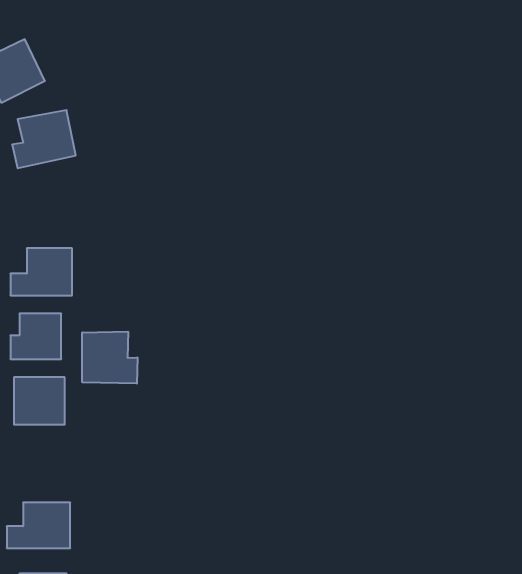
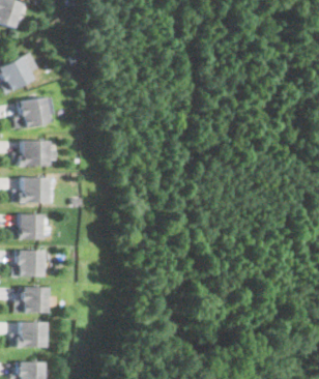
building: none -> [13,141,49,166]
building: [82,332,137,384] -> none
building: none -> [13,286,47,313]

